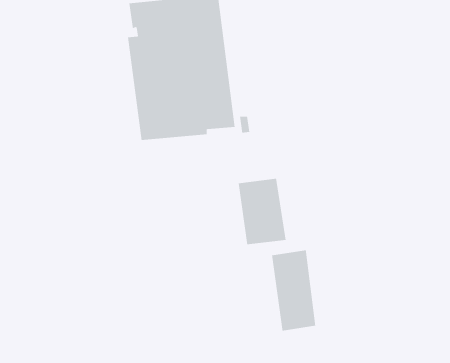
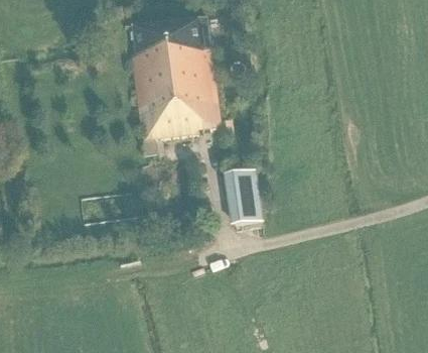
building: [272,249,316,331] -> none

